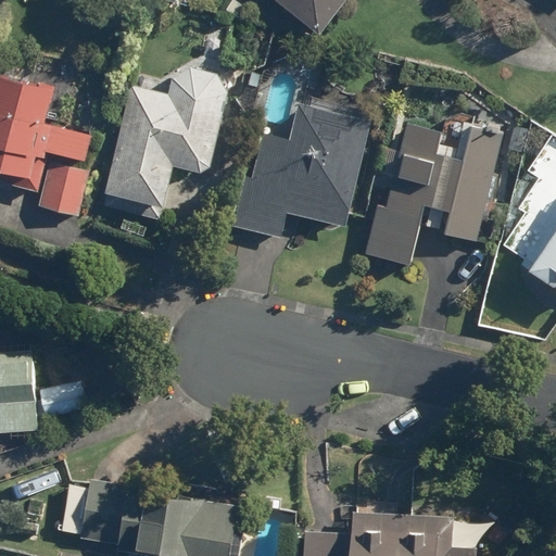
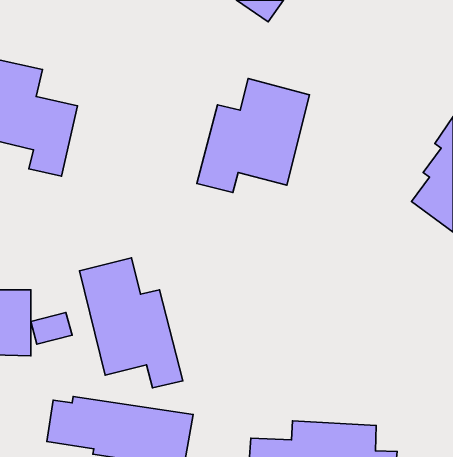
building: [100,66,230,225] -> none
building: [359,117,506,266] -> none
building: none -> [80,258,183,388]

